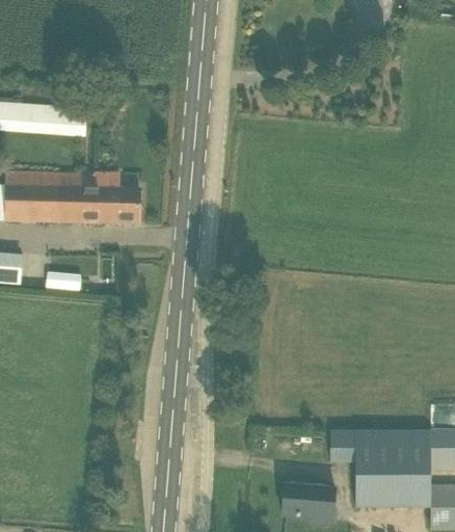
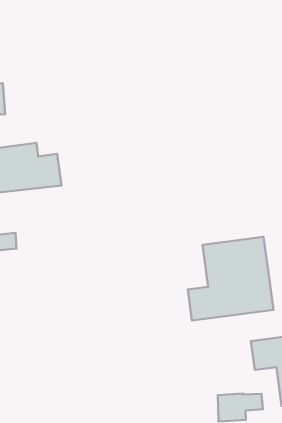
building: none -> [188,237,273,321]

